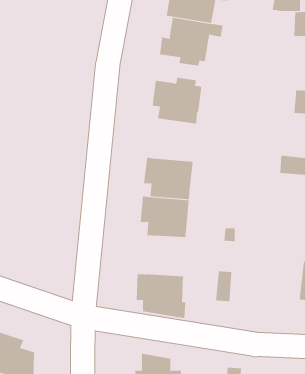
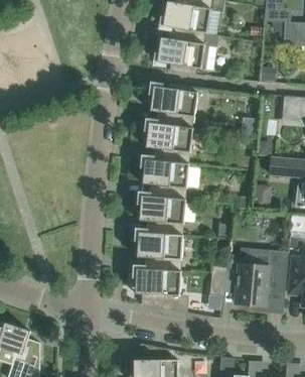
building: none -> [145,123,191,163]
building: none -> [136,233,181,271]
building: none -> [234,250,287,312]

